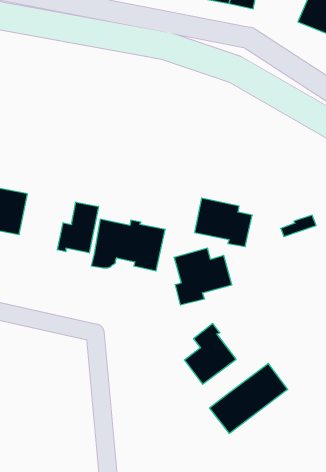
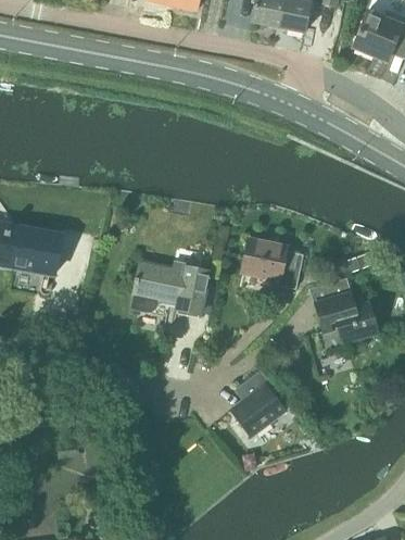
building: [57,202,98,253] -> none
building: [174,248,232,305] -> [315,293,377,354]
building: [210,363,288,433] -> none

